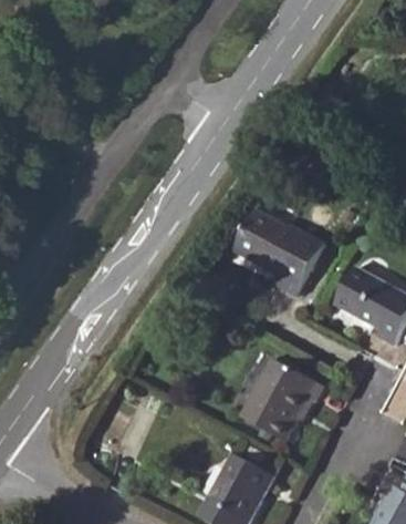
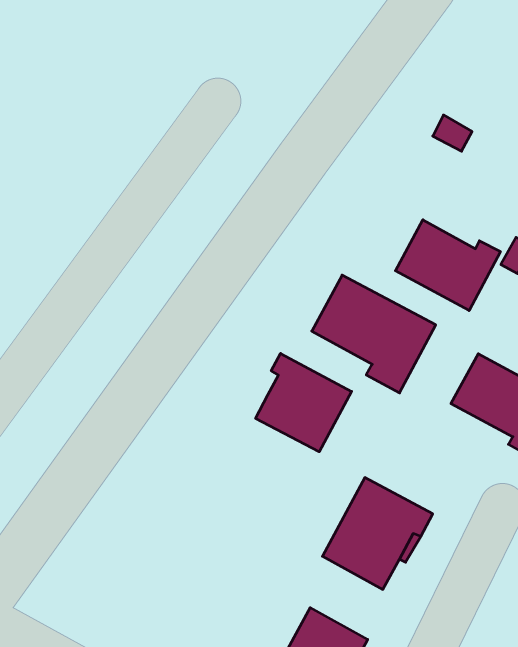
building: none -> [395,220,500,311]
building: none -> [256,353,352,452]

